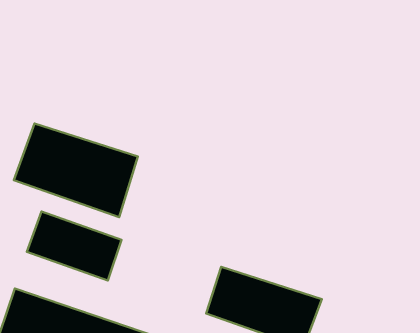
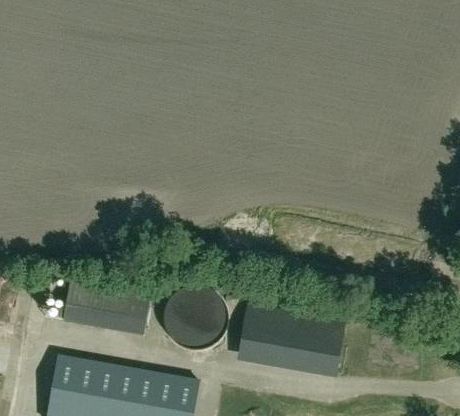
building: [14,123,138,217] -> none
building: none -> [163,287,228,351]

